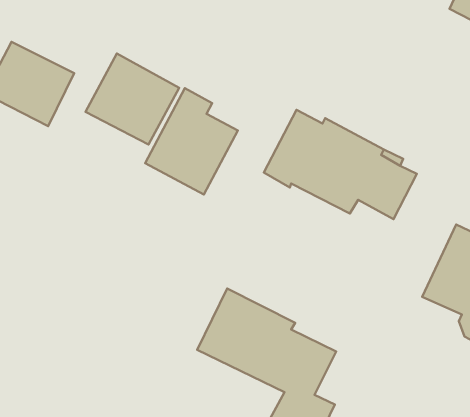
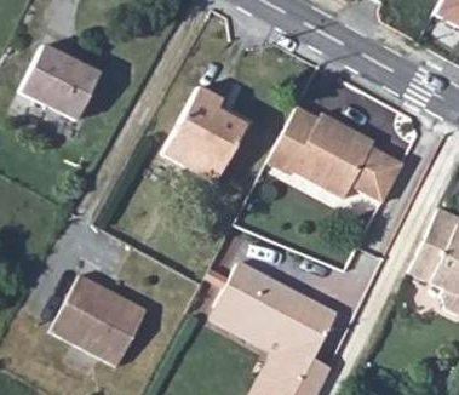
building: [86,53,179,144] -> none
building: none -> [51,274,148,366]

